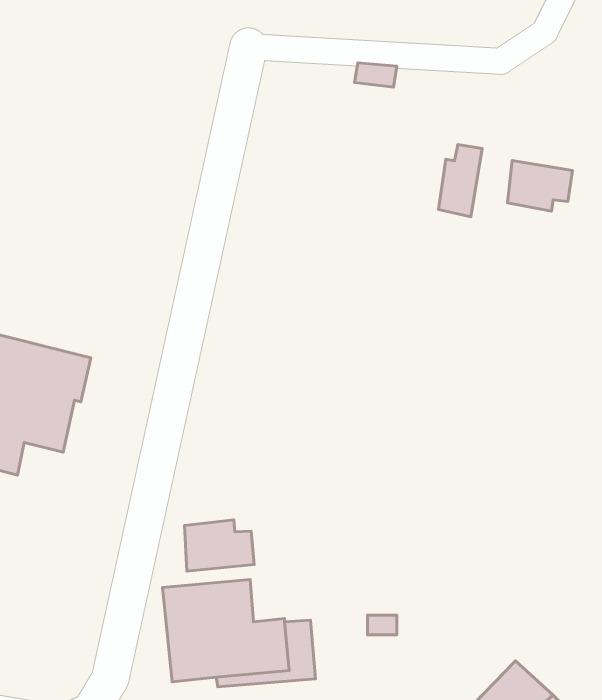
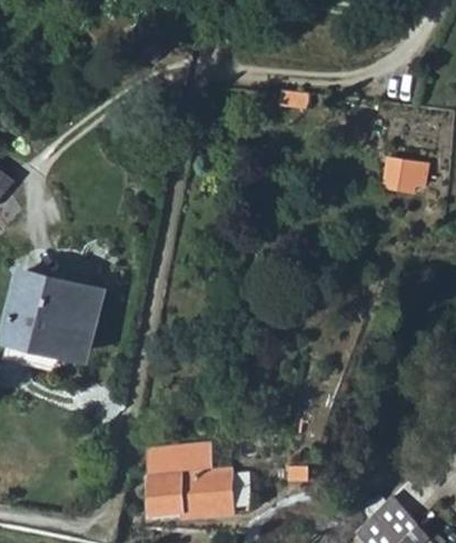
building: [438,144,482,217] -> none
building: [185,520,254,571] -> none

